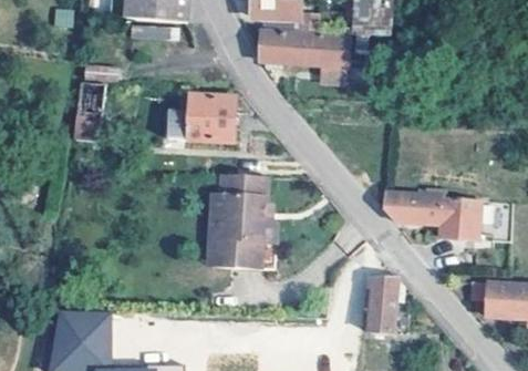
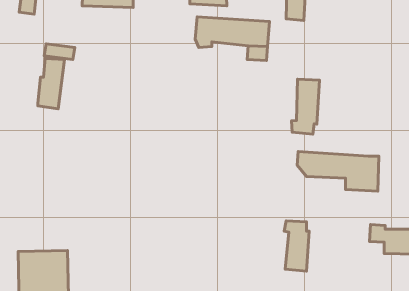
building: [168,95,236,142] -> none
building: none -> [291,79,320,134]
building: [213,173,280,267] -> none

